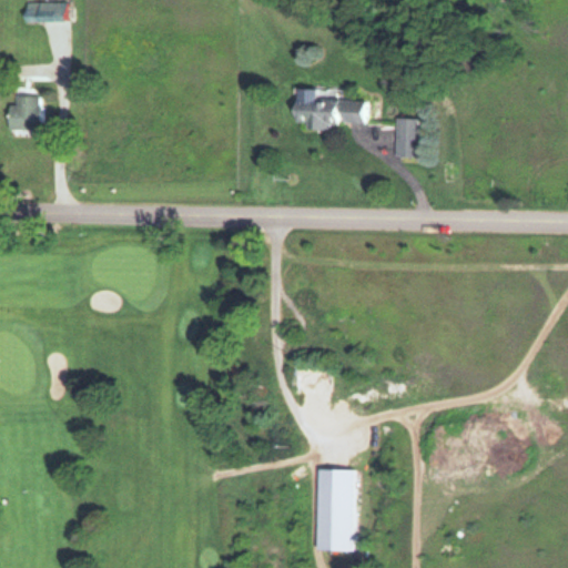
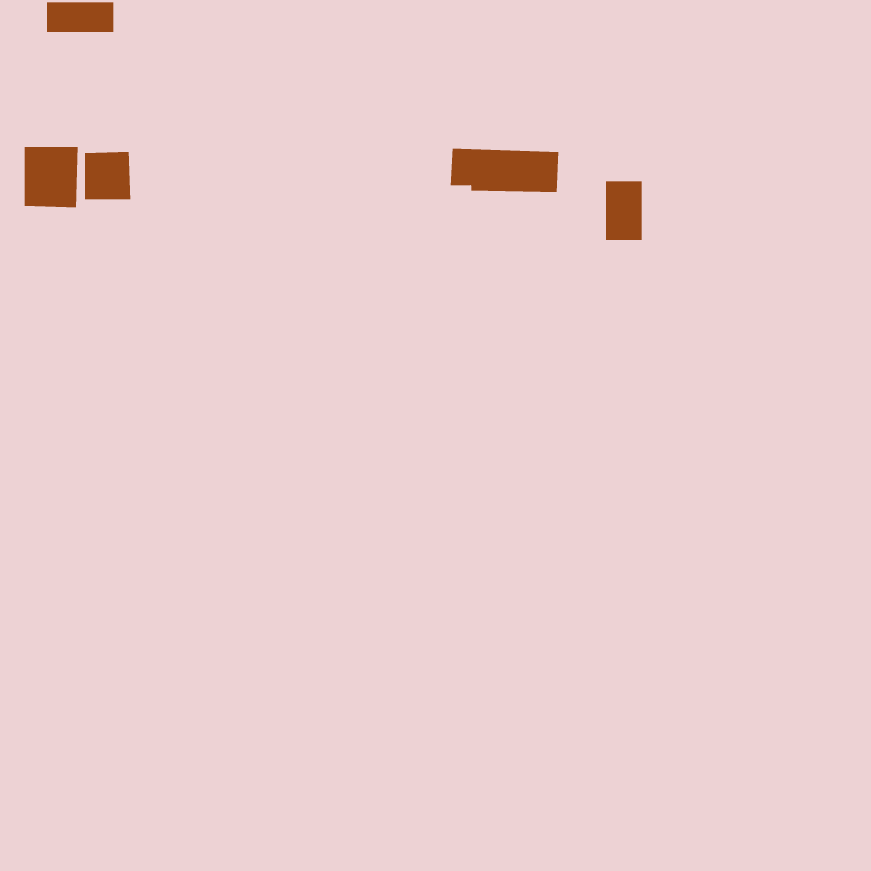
building: none -> [84,151,131,200]
building: [316,467,352,548] -> none

